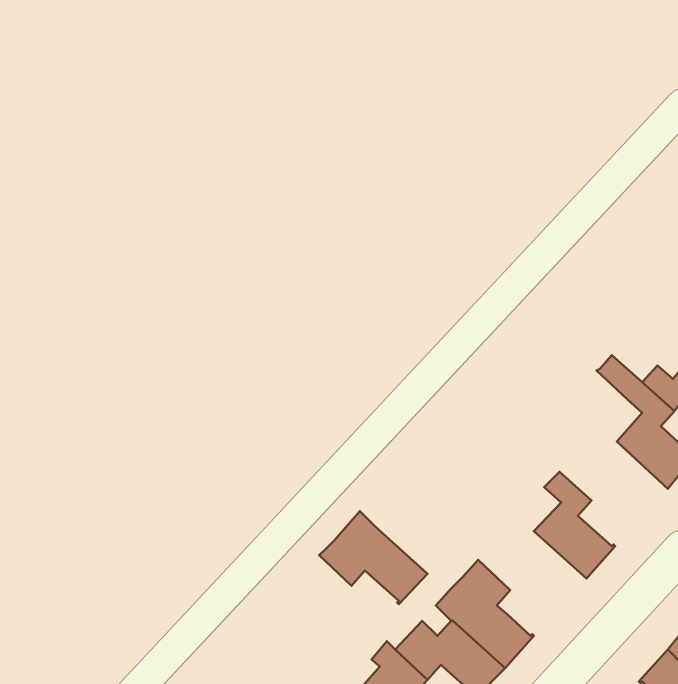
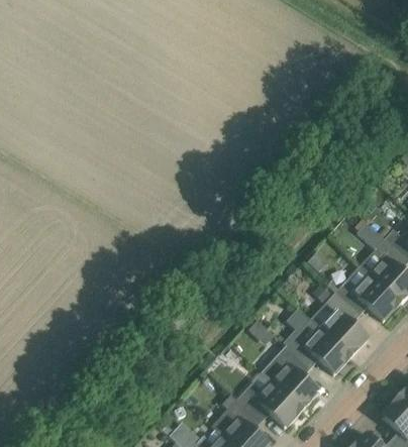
building: none -> [335,265,400,321]
building: [319,511,428,604] -> [287,319,351,374]

